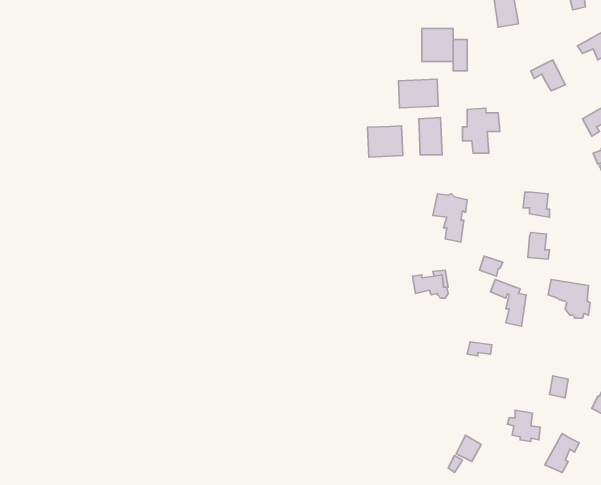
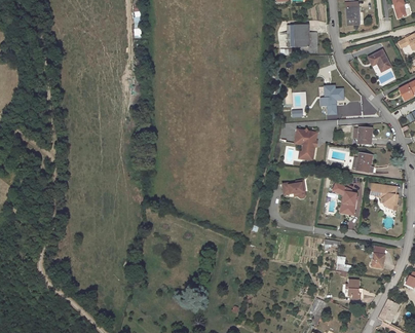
building: [399,79,438,108] -> none
building: [368,126,403,157] -> none

